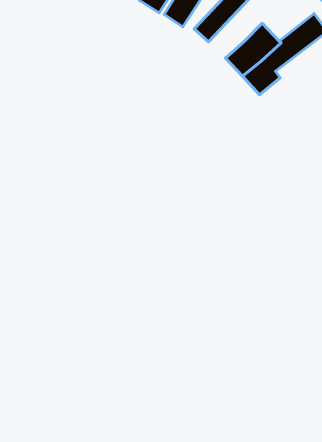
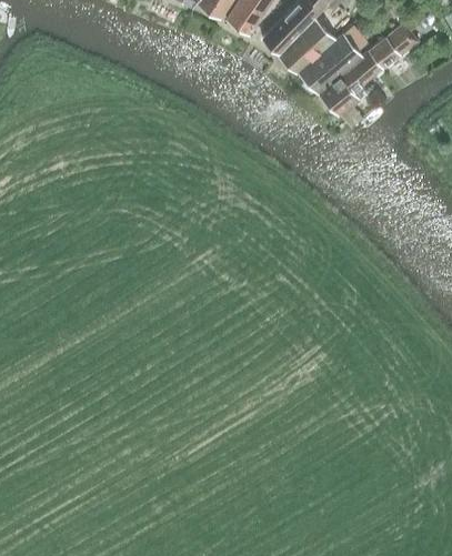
building: none -> [280,20,333,72]

